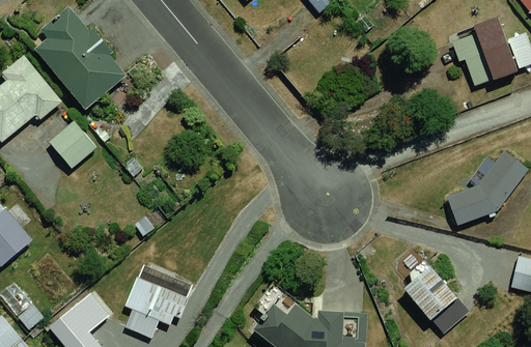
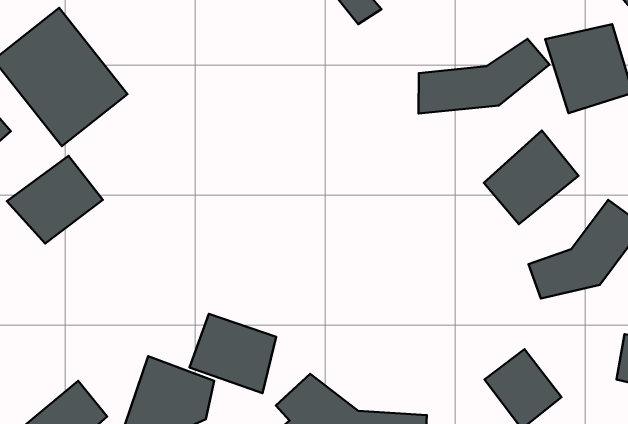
building: none -> [419,39,549,113]
building: none -> [484,130,579,224]
building: none -> [189,314,276,393]

